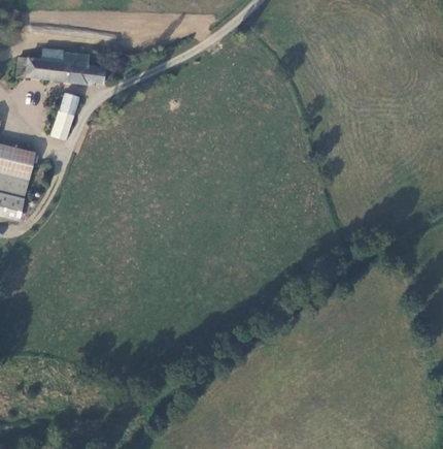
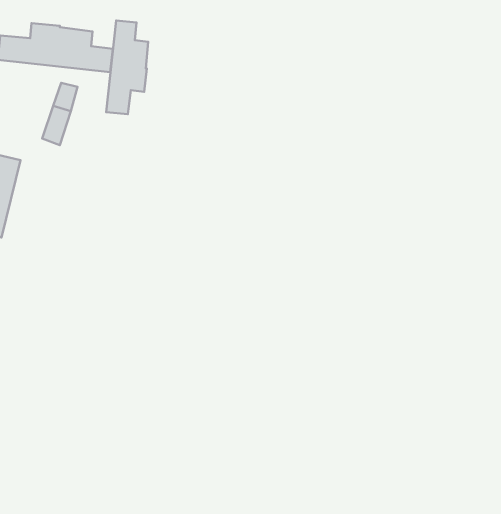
building: none -> [106,20,148,114]

